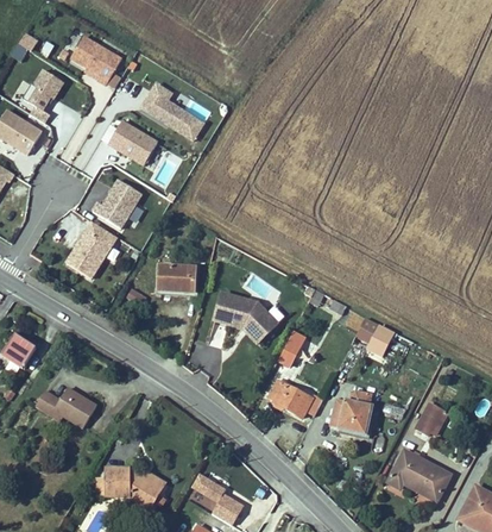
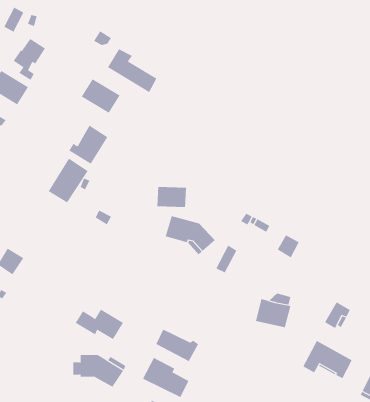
building: [71,36,122,83] -> none
building: [158,265,196,292] -> [157,187,187,207]
building: [269,380,323,421] -> [155,329,199,362]
building: [36,387,97,426] -> [75,309,124,340]

